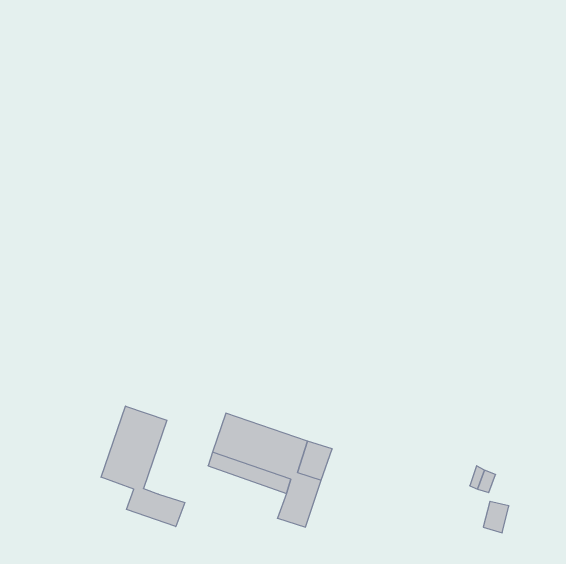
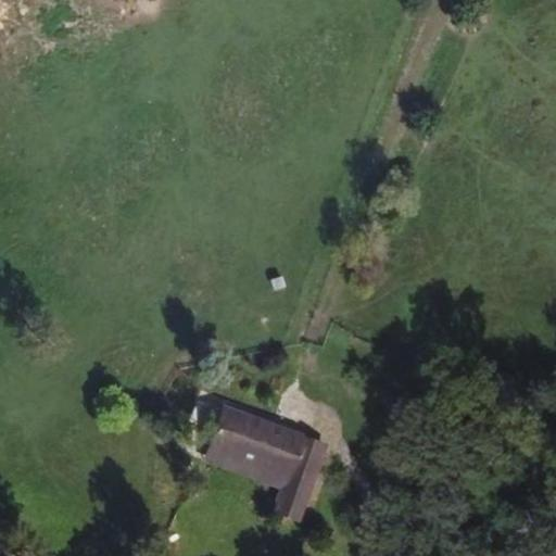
building: [101,406,185,527] -> none

